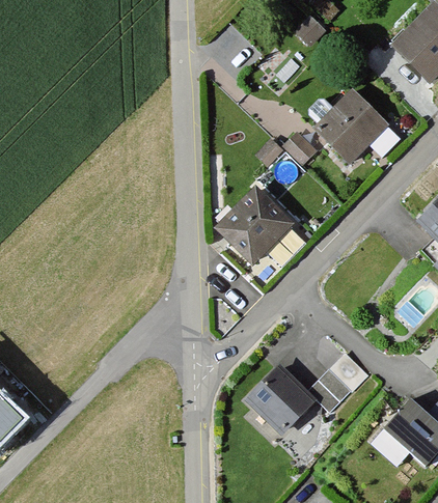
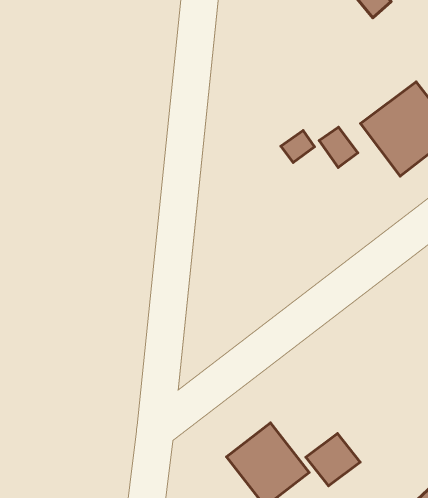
building: [214,187,293,266] -> none

